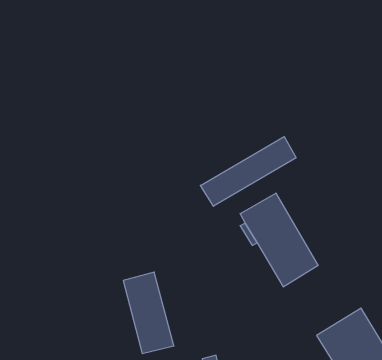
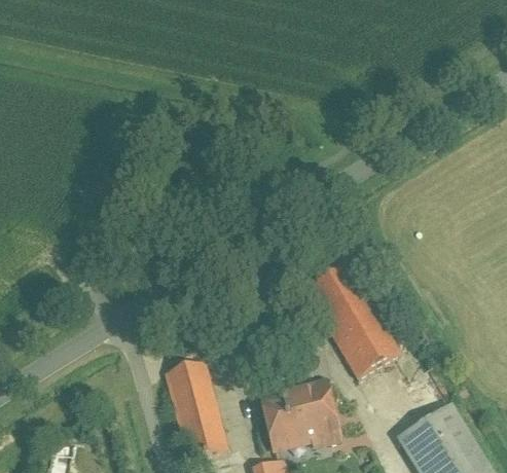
building: [200,137,296,206] -> none
building: none -> [263,384,339,447]

